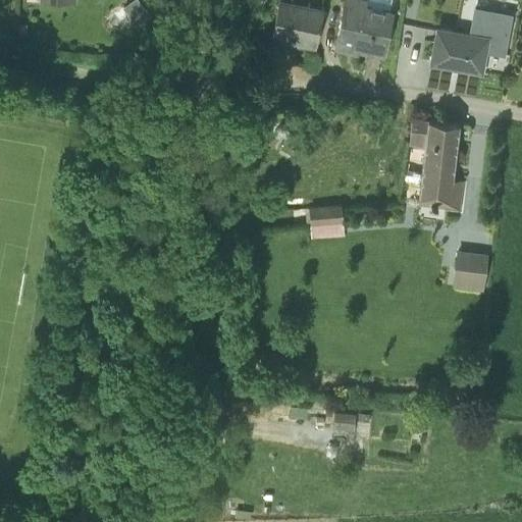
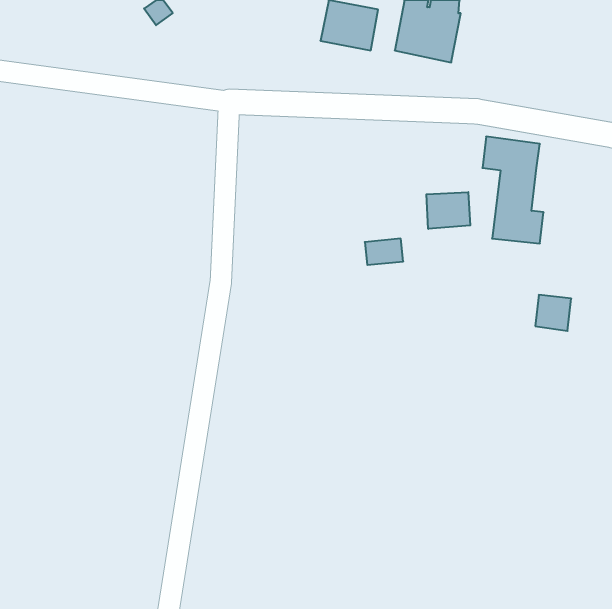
building: [431,17,511,74] -> none
building: none -> [426,192,470,229]
building: [336,413,373,431] -> none

